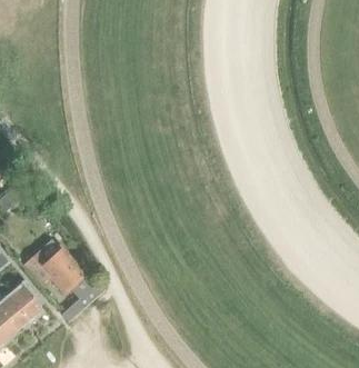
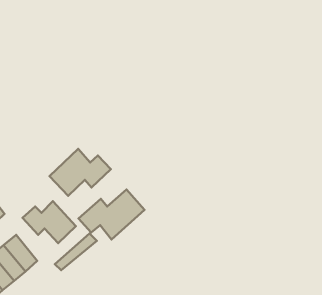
building: none -> [50,149,111,196]
building: none -> [78,189,144,239]

